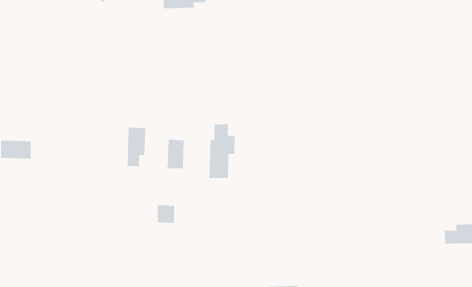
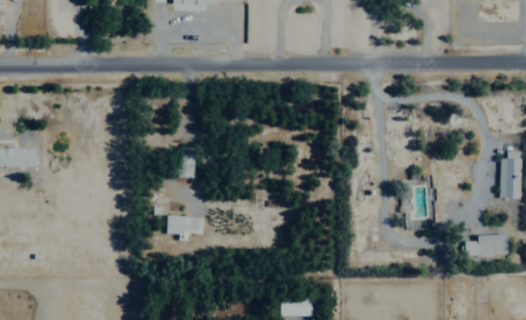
building: [209,124,235,179] -> none
building: [127,127,146,167] -> none

